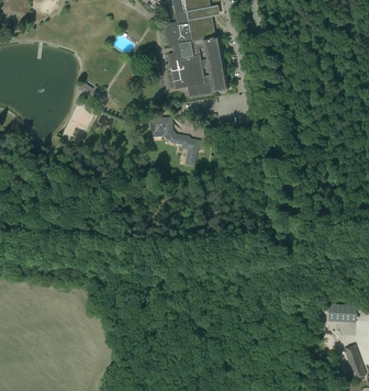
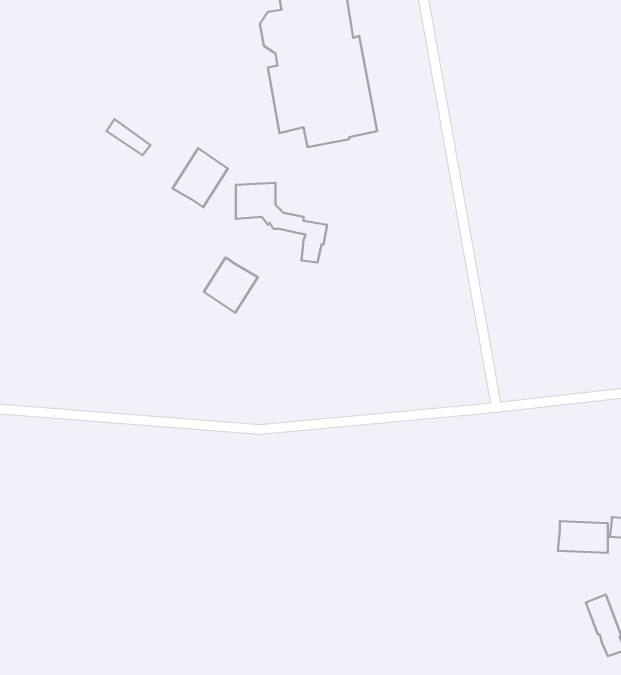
building: none -> [173,148,228,207]
building: none -> [204,257,258,313]

